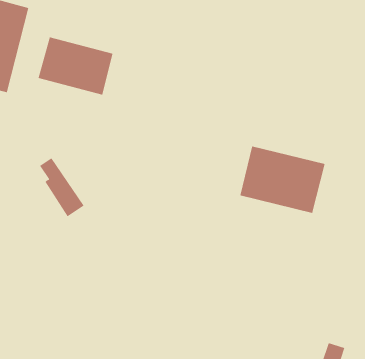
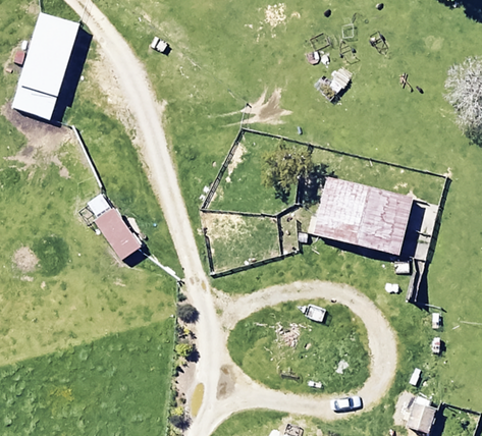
building: [38,36,113,96] -> none

